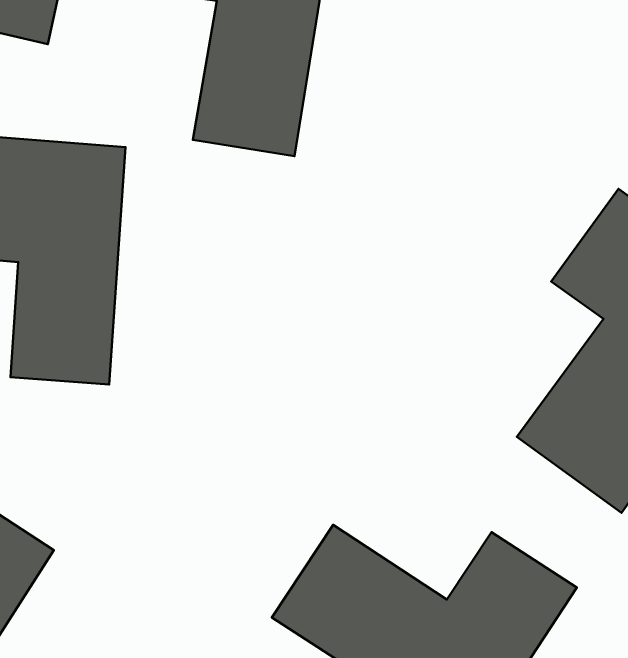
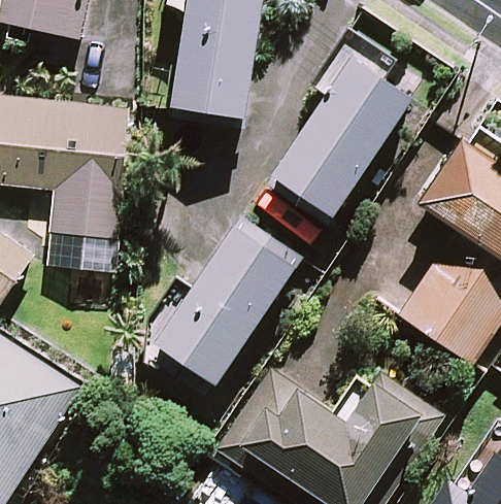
building: none -> [275,45,416,216]
building: none -> [157,217,299,381]

